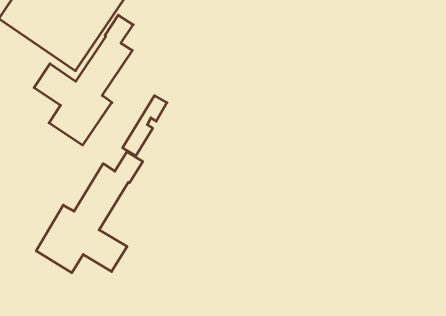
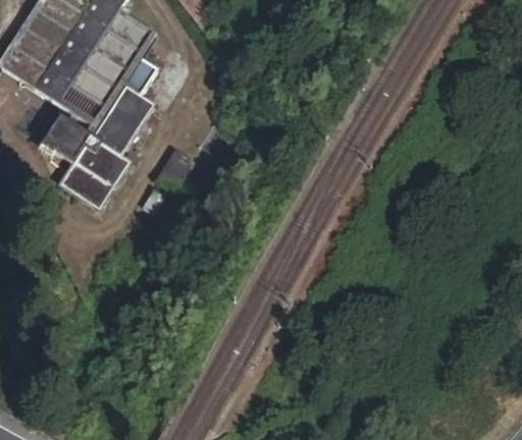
building: [36,152,143,273] -> none

